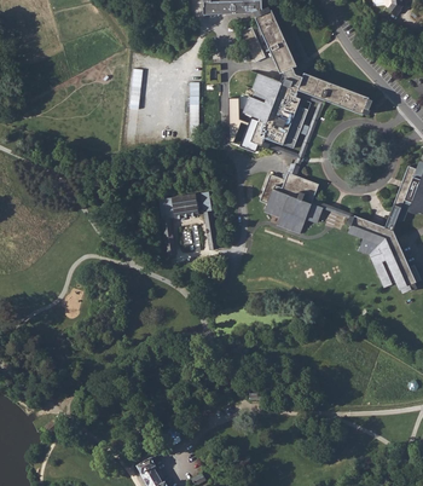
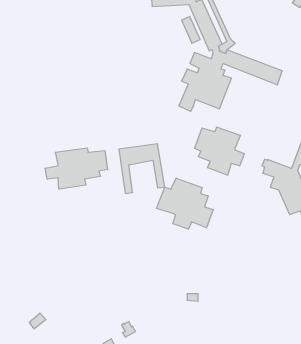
building: none -> [45,148,108,189]
building: none -> [157,178,213,229]

